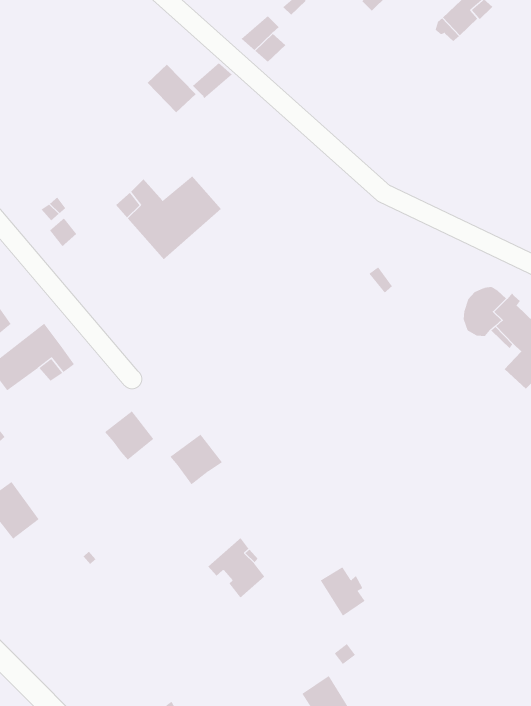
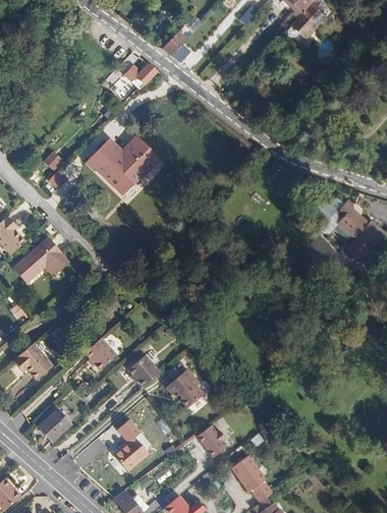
building: [104,411,154,461] -> [82,337,115,369]
building: [170,434,223,485] -> [124,353,159,387]
building: [320,566,366,617] -> [198,423,228,456]
building: none -> [39,408,70,439]
building: none -> [113,417,150,469]

